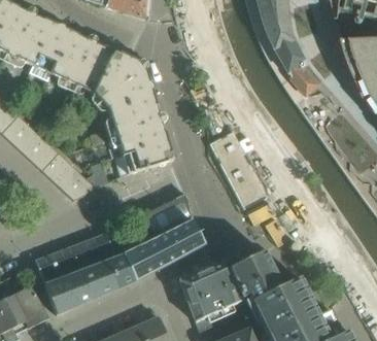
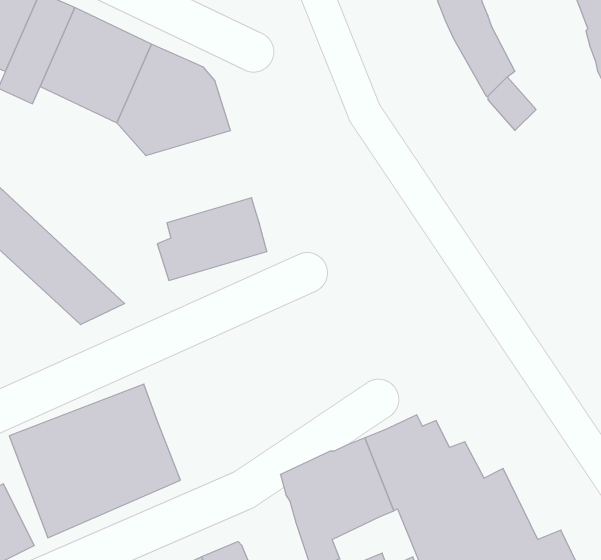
building: [108,96,165,145] -> none
building: [209,132,267,209] -> none
building: [114,194,203,283] -> none

